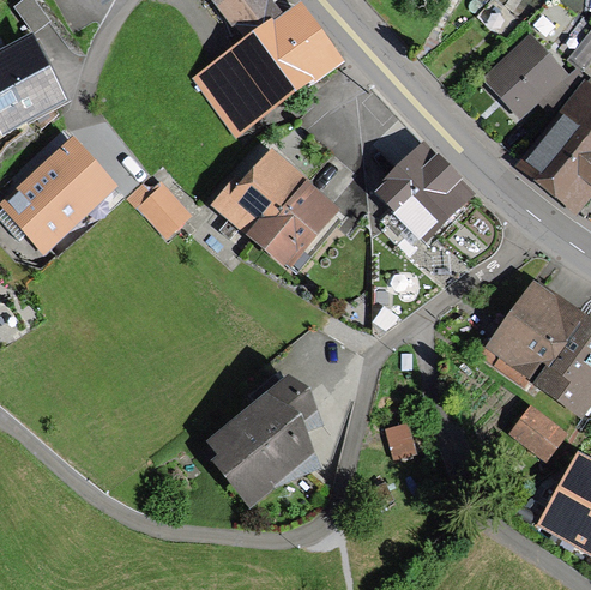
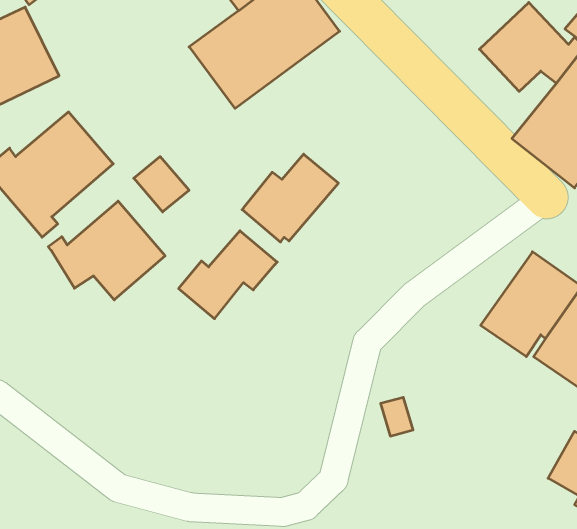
building: [370,140,475,241] -> none
building: [210,148,308,235] -> [179,231,277,319]
building: none -> [48,201,165,300]
building: [204,375,321,507] -> none
building: [509,403,569,460] -> none

